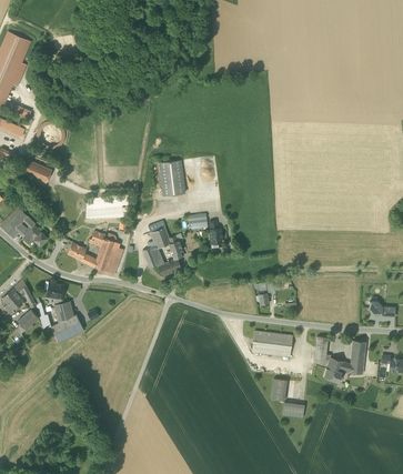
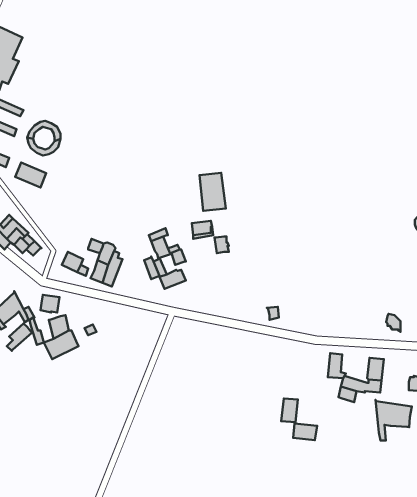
building: [160,160,184,195] -> [200,173,226,211]
building: [252,331,293,357] -> none
building: none -> [375,400,412,441]

